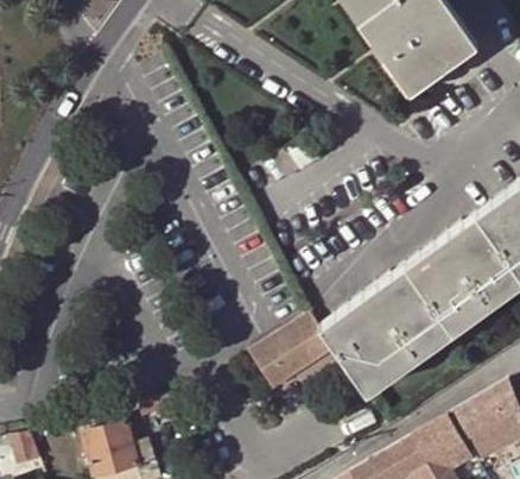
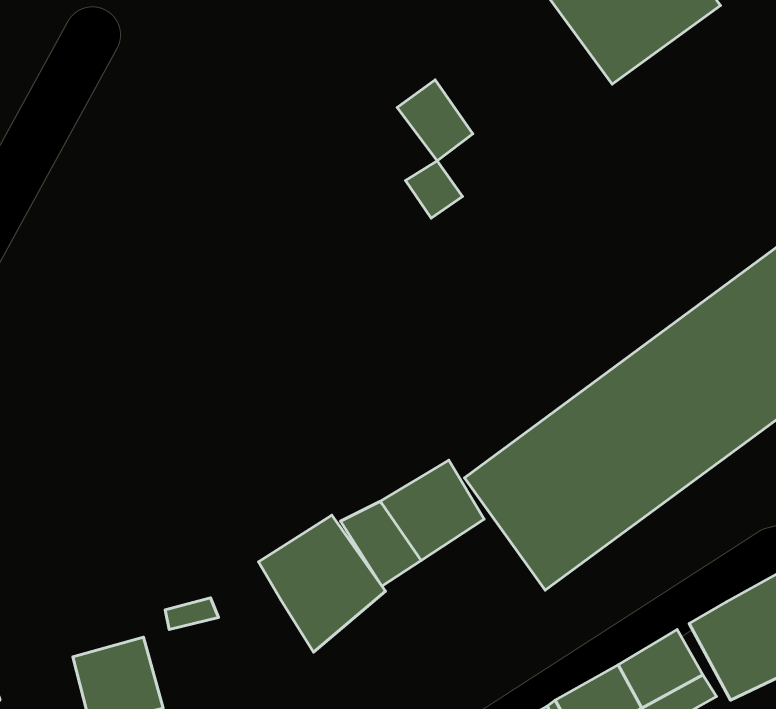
building: none -> [397,80,473,161]
building: none -> [258,515,386,652]

